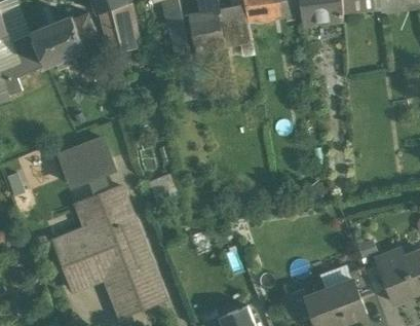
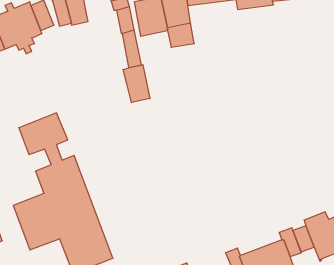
building: none -> [123,65,150,103]

